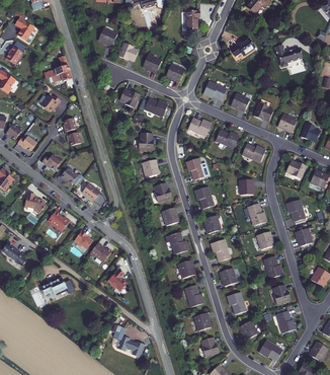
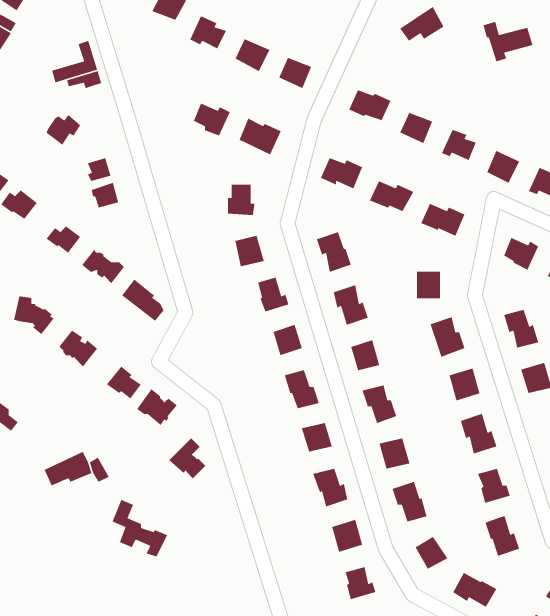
building: [113,325,144,357] -> [111,499,168,558]

